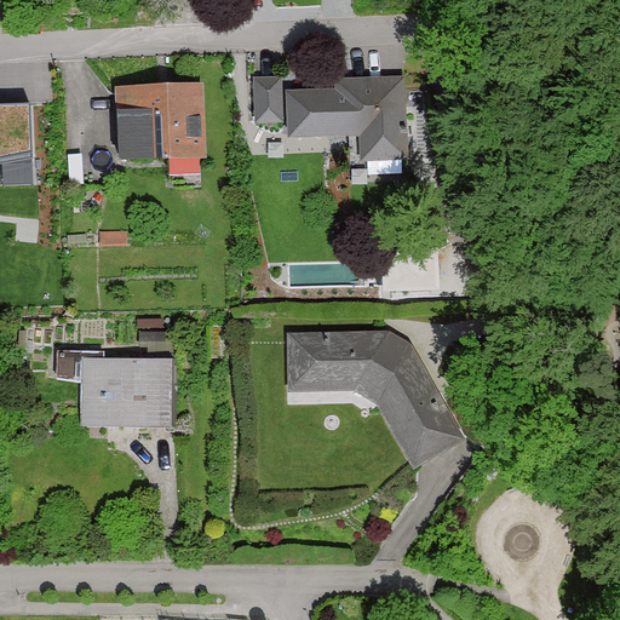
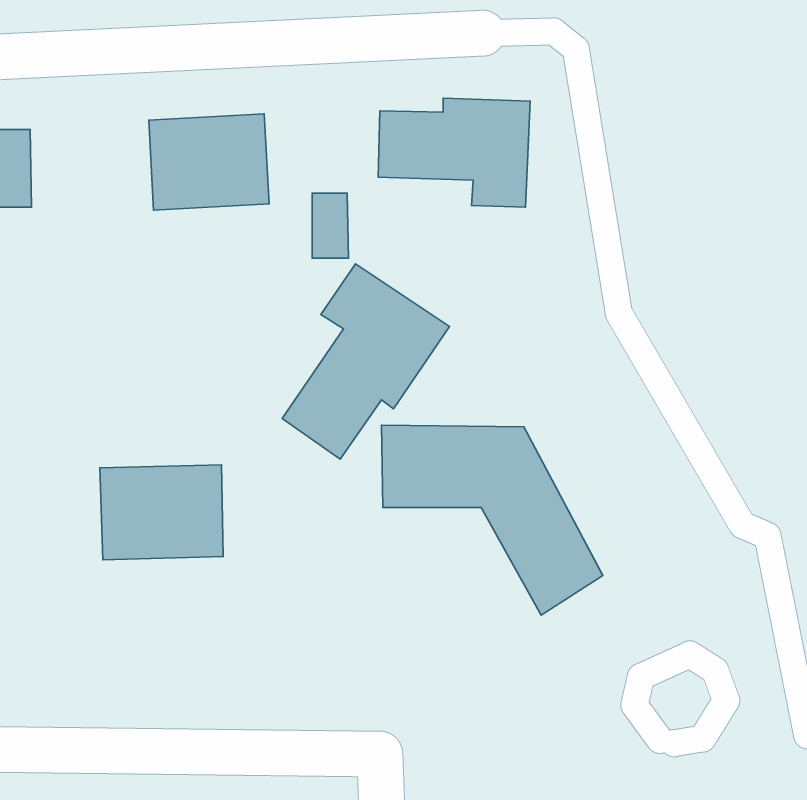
building: [256,80,283,130] -> [312,193,349,258]
building: none -> [282,264,450,459]

